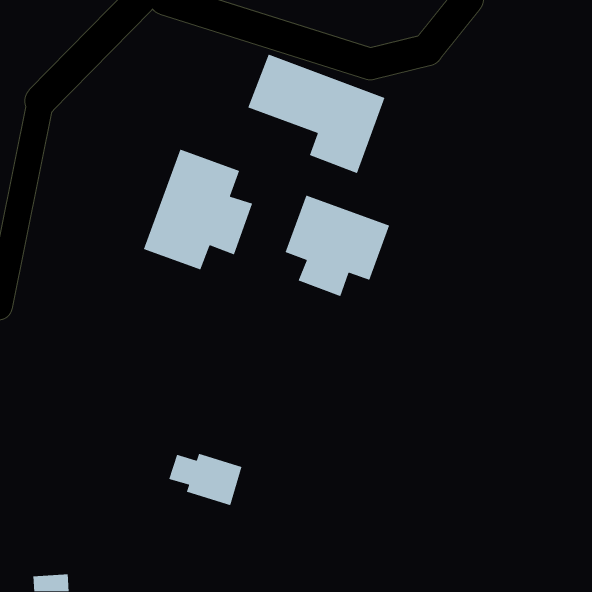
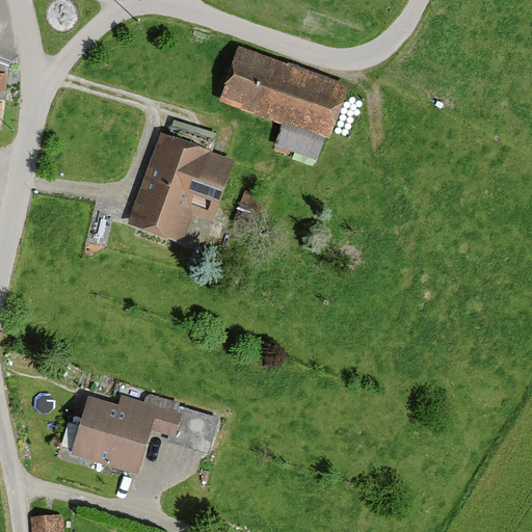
building: [285,195,390,297] -> none
building: none -> [71,395,158,473]

